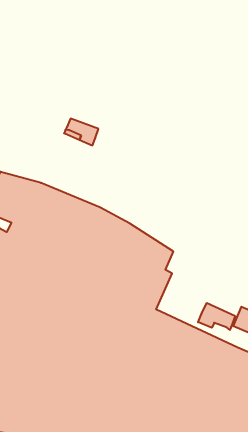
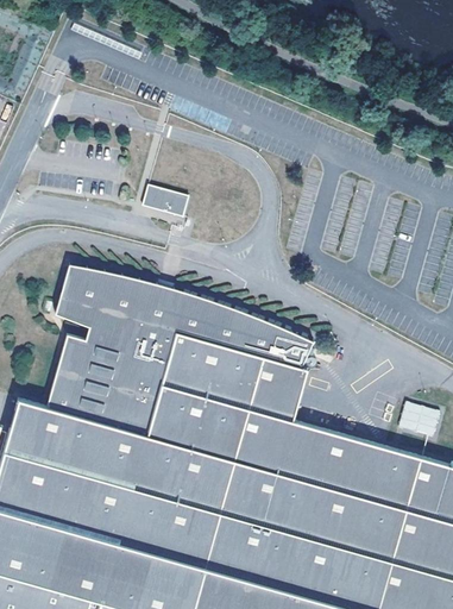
building: [198,303,235,330] -> none

